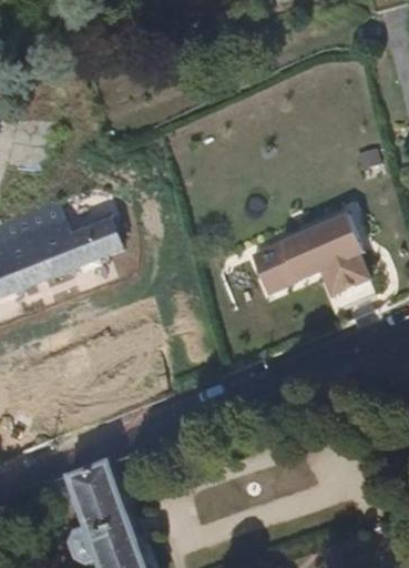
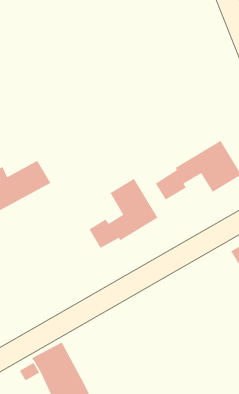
building: none -> [88,178,158,249]

